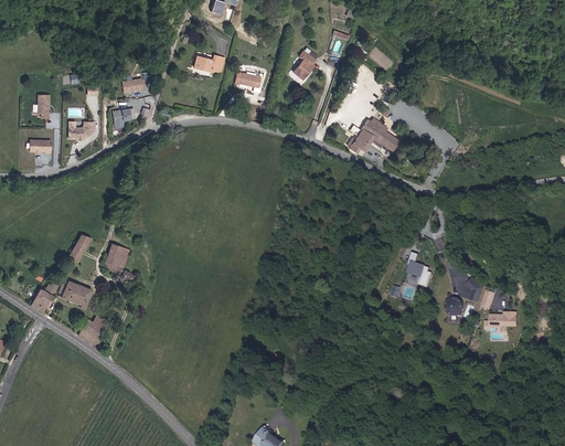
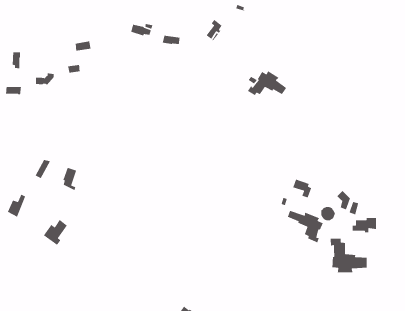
building: [56,282,93,309] -> none
building: none -> [287,210,324,244]
building: none -> [330,238,367,273]

